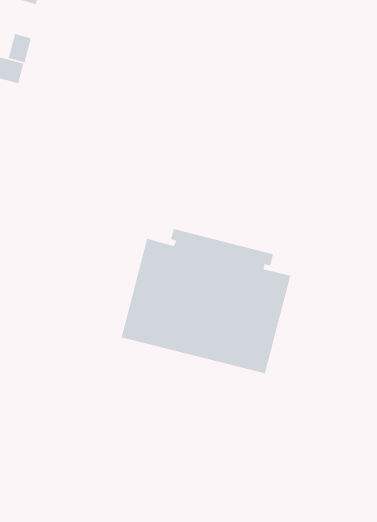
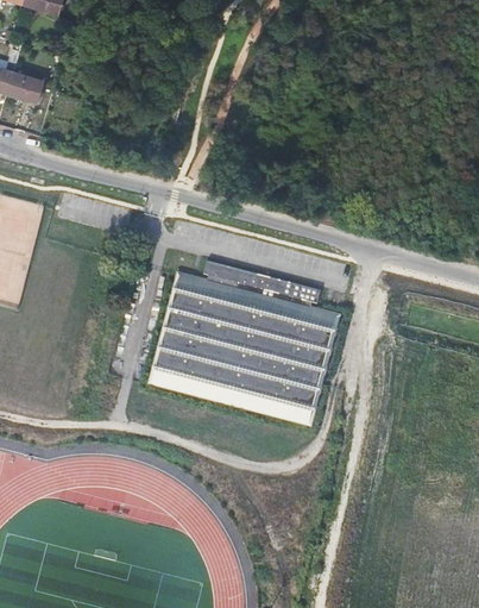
building: [8,33,32,63] -> none

